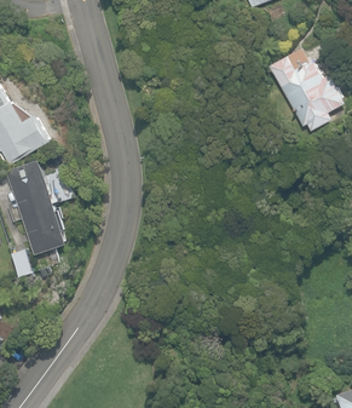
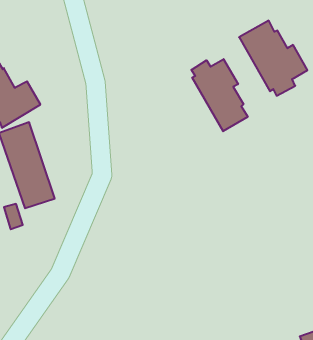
building: none -> [191,59,248,131]

